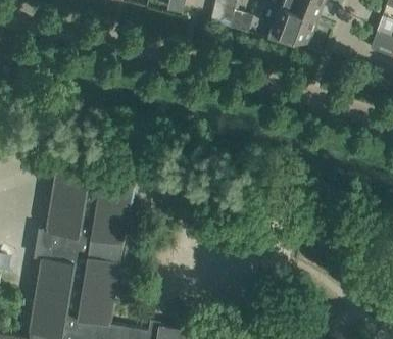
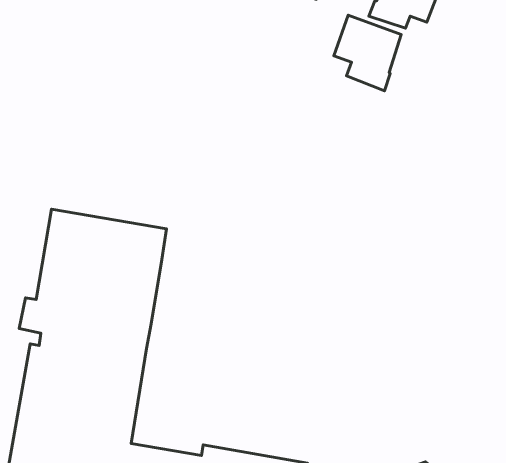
building: none -> [334,15,401,91]

